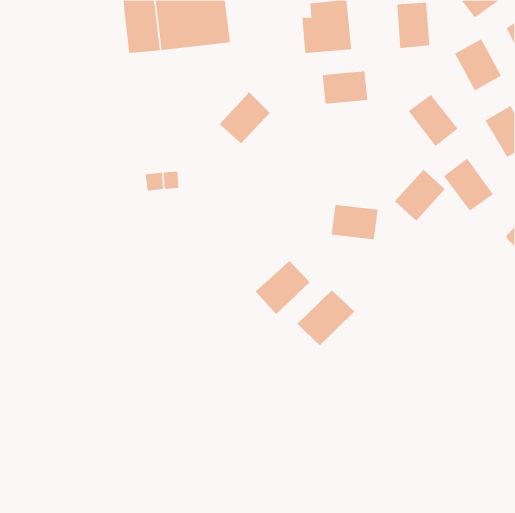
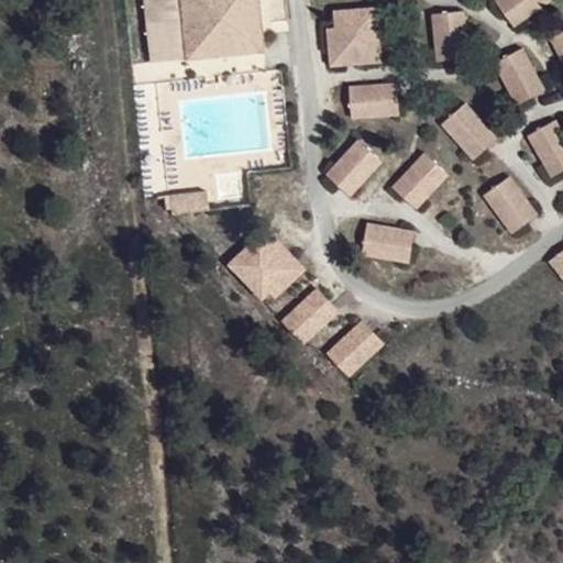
building: [219,92,270,144] -> [325,134,382,191]
building: [394,169,446,221] -> [393,151,449,208]
building: none -> [223,224,307,308]

